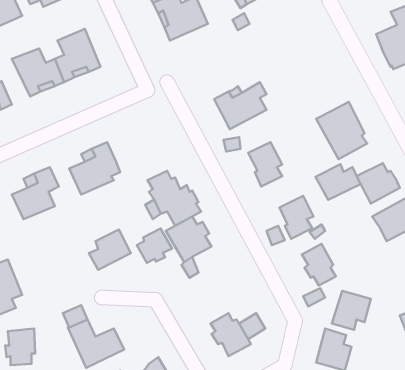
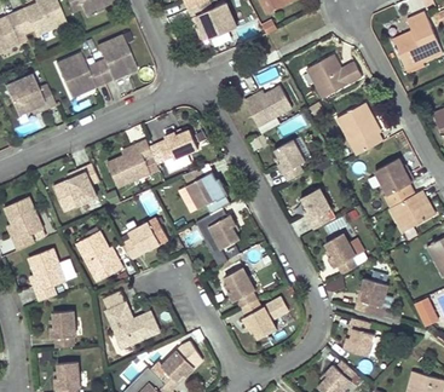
building: none -> [306,54,361,99]
building: none -> [157,127,197,160]
building: [316,164,360,200] -> none
building: [137,228,172,263] -> none
building: none -> [77,234,121,281]
building: none -> [223,265,256,307]

